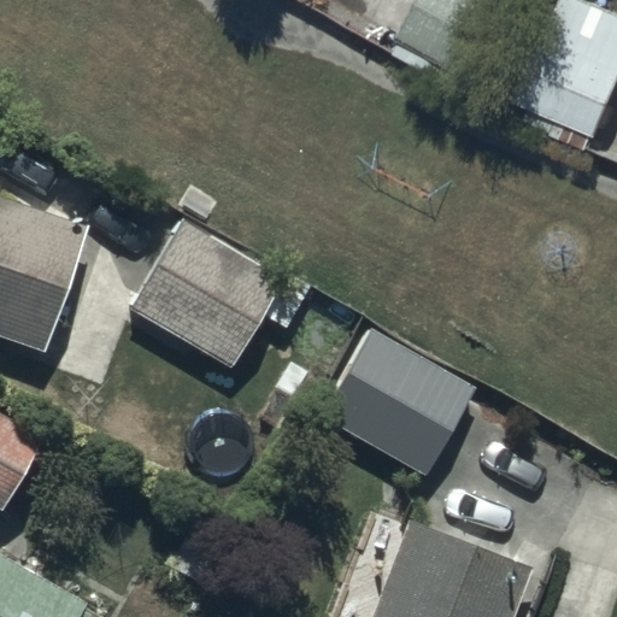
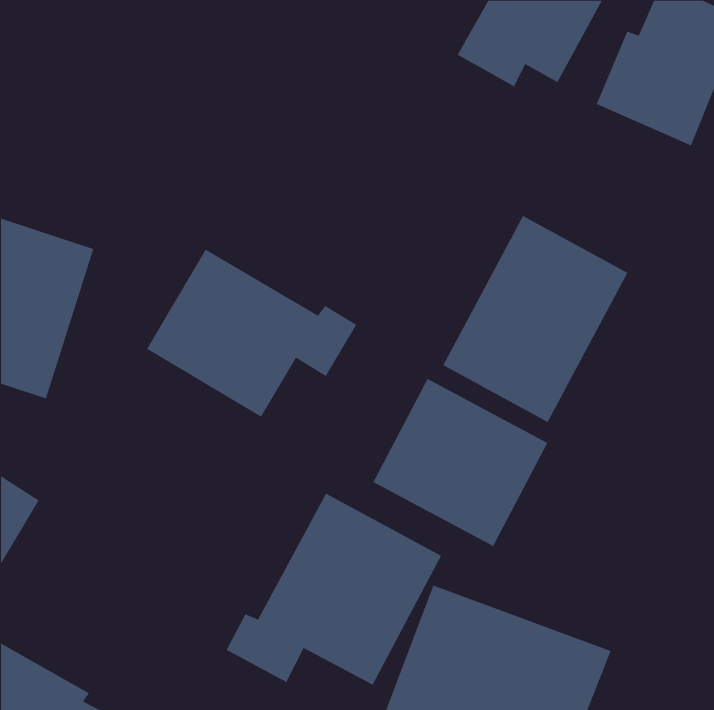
building: none -> [442,215,628,423]
building: none -> [226,493,442,686]

